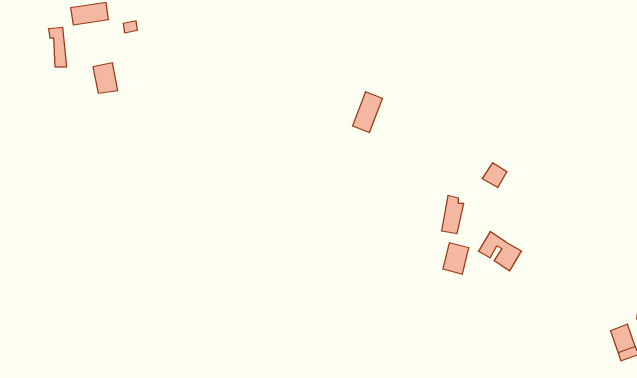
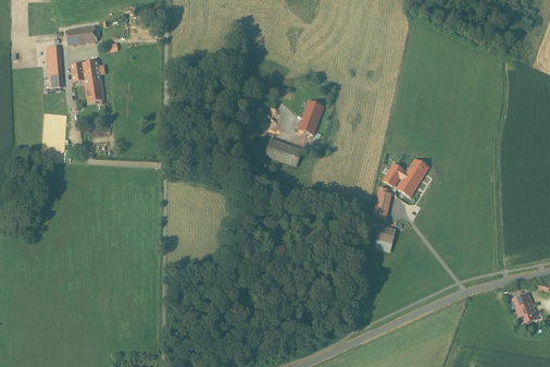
building: none -> [71,60,100,81]
building: none -> [265,138,302,166]
building: [478,232,522,271] -> [384,163,420,196]

